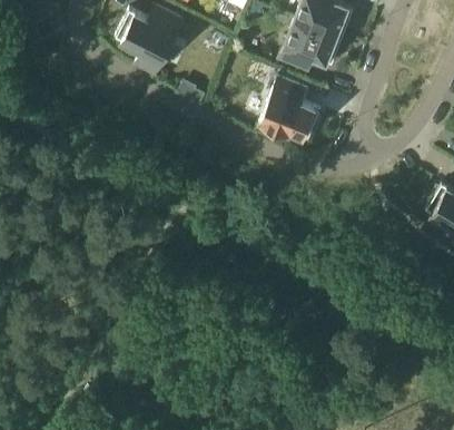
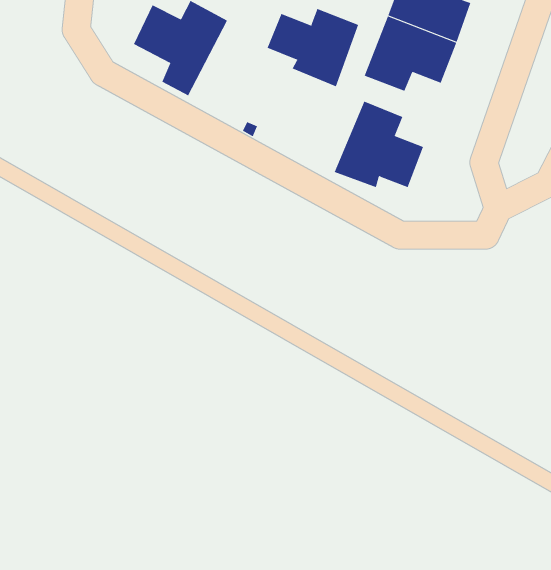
building: none -> [267,8,359,87]

